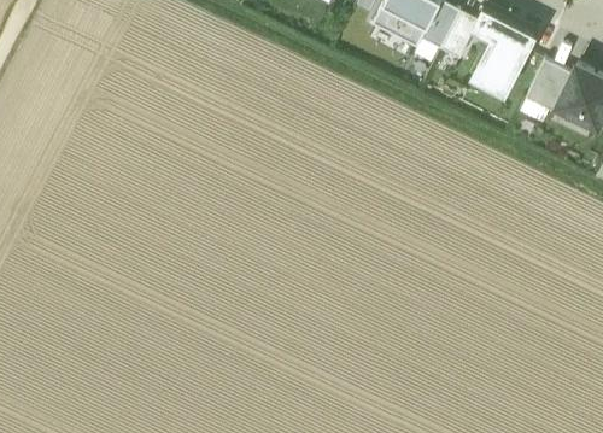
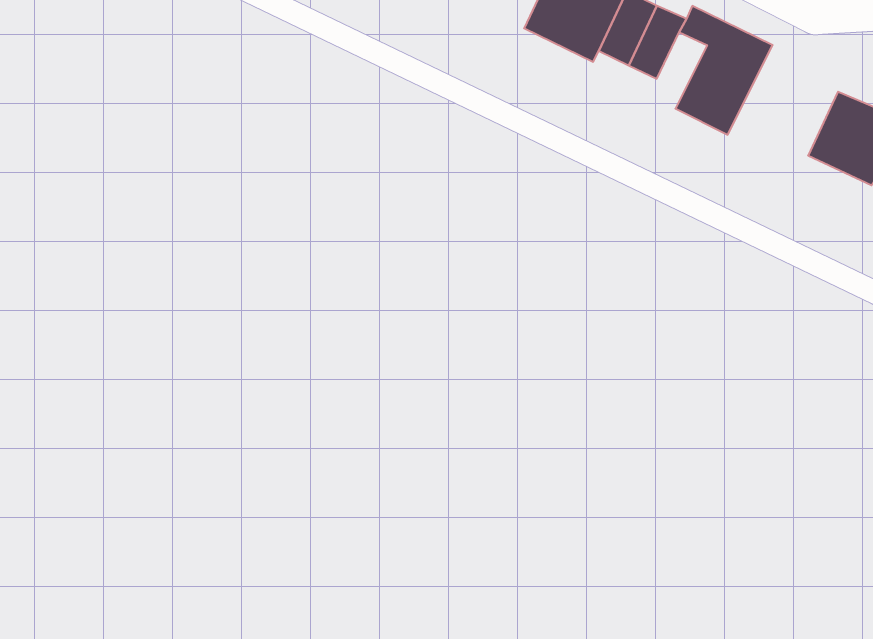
building: [526,62,573,113] -> none

